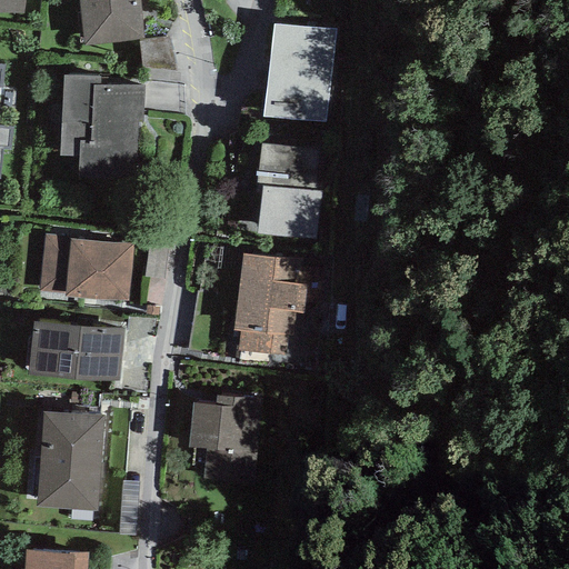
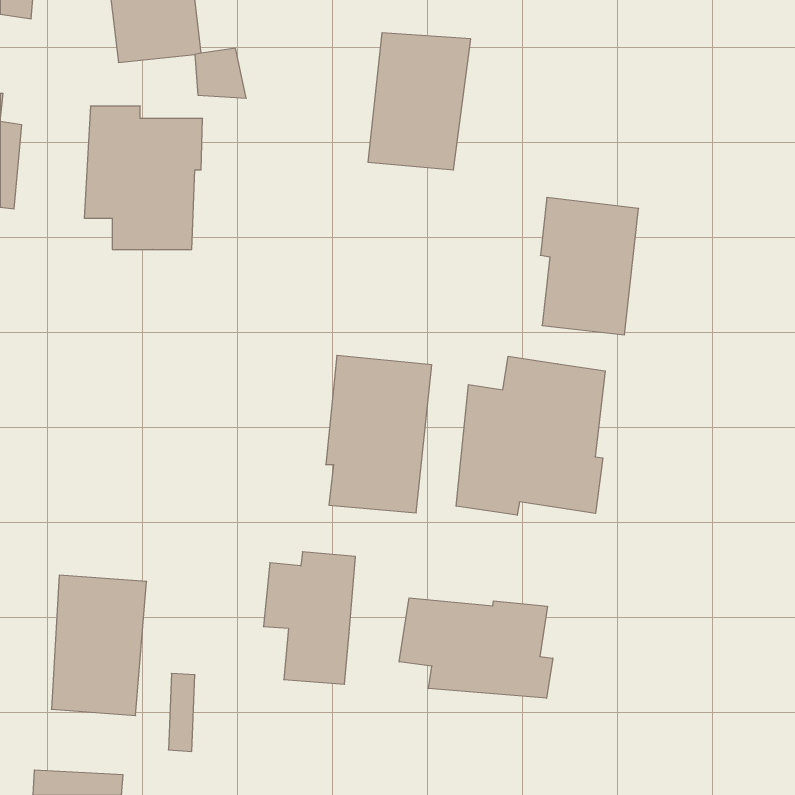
building: [258,143,328,241] -> [540,198,639,335]
building: [40,234,136,301] -> none
building: none -> [456,356,605,515]
building: [30,320,124,381] -> none
building: none -> [399,598,553,698]

